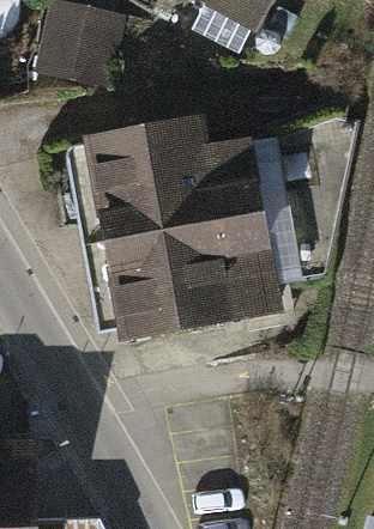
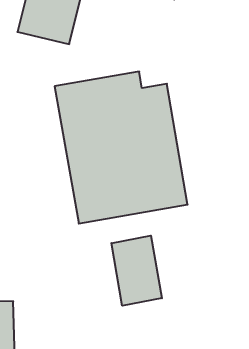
building: none -> [111,236,162,306]

